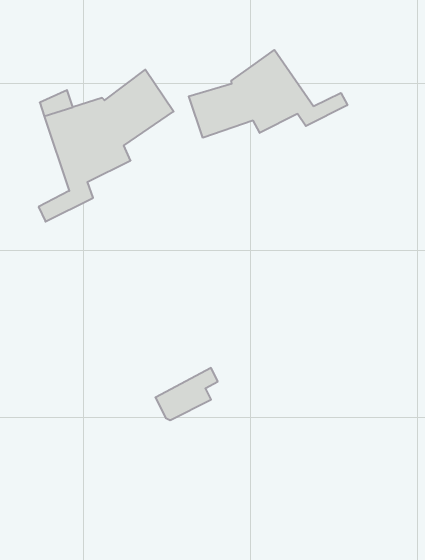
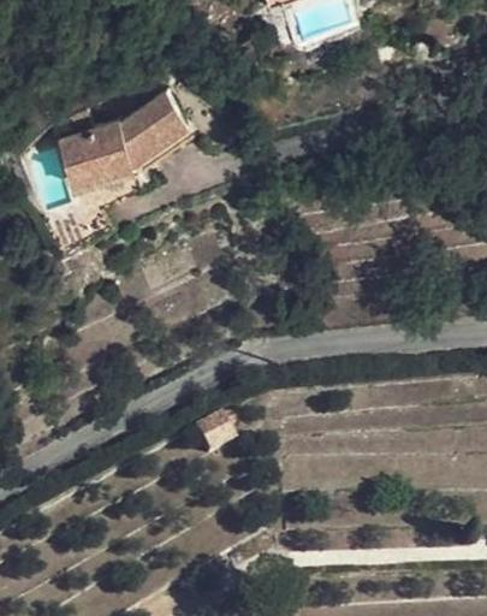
building: [189,50,347,138] -> none

